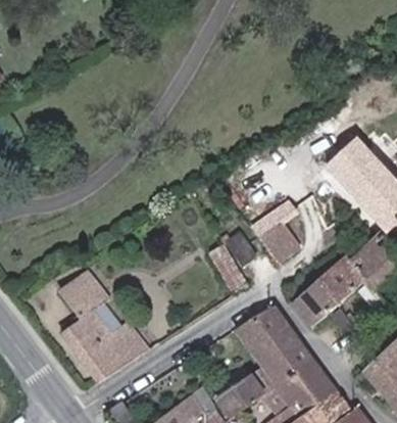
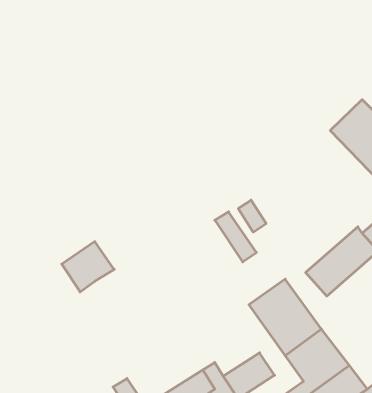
building: [259,210,311,261] -> none
building: [62,309,150,383] -> none

